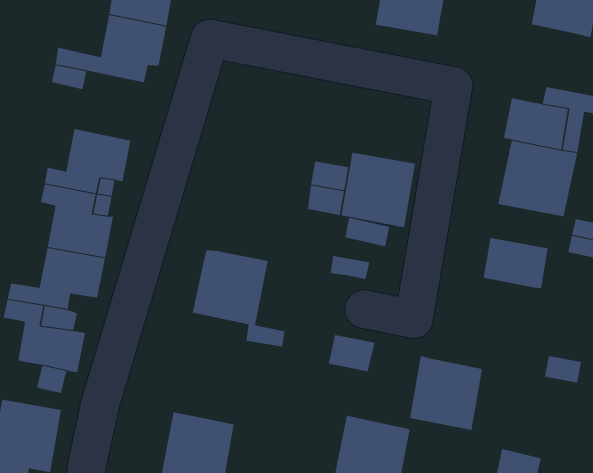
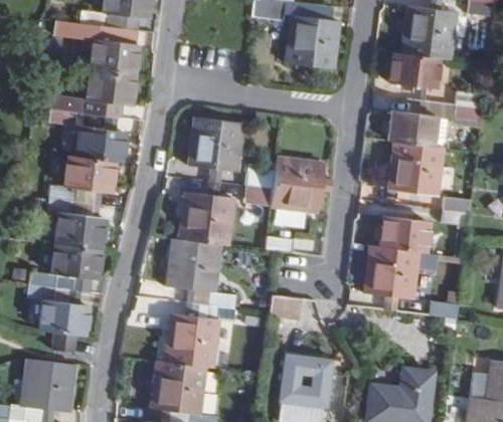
building: none -> [390,54,438,89]
building: none -> [190,117,242,170]
building: none -> [76,127,125,162]
building: none -> [181,191,233,244]
building: none -> [166,303,235,366]
building: [409,355,483,430] -> [366,243,418,296]

